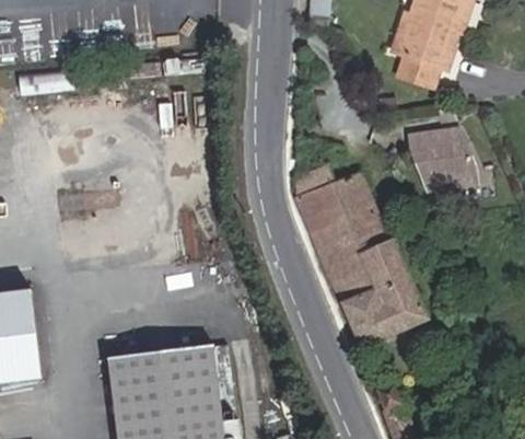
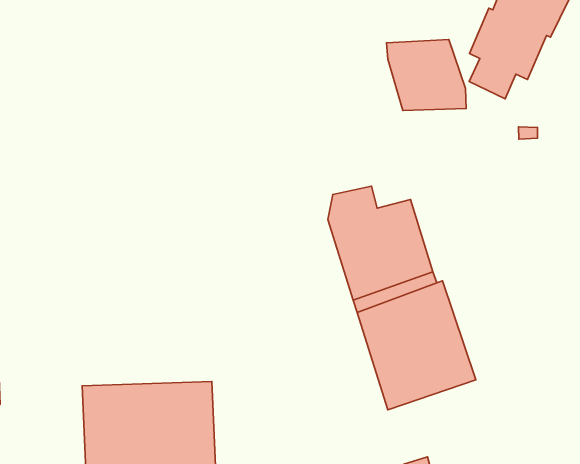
building: [411,129,481,190] -> [387,40,466,110]

